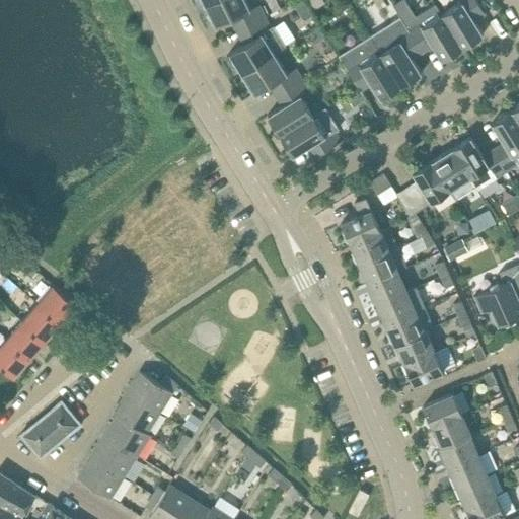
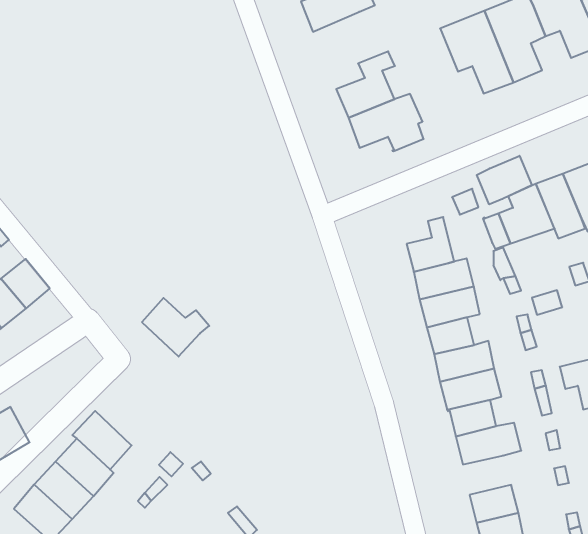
building: [242,55,302,96] -> none
building: none -> [477,156,532,204]
building: [127,372,178,415] -> [142,298,209,357]

